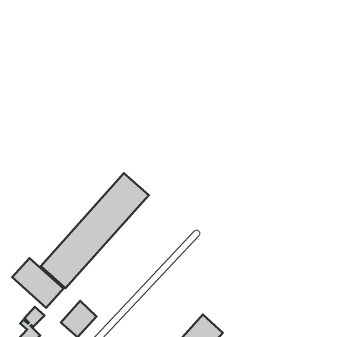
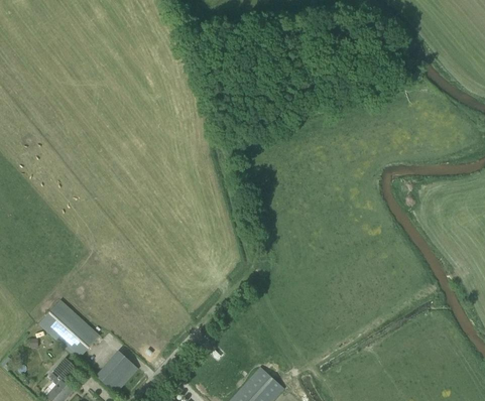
building: [41,173,149,288] -> none

